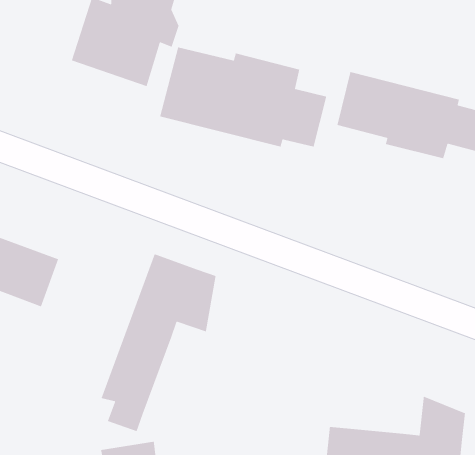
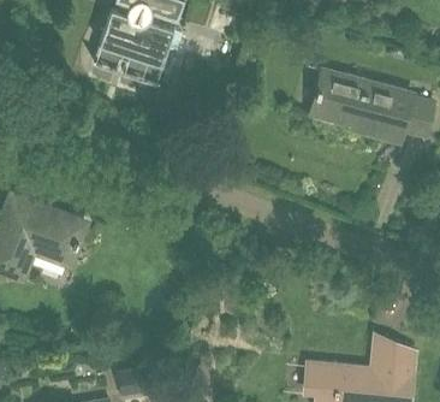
building: [159,47,327,148] -> none
building: [101,253,217,432] -> none

